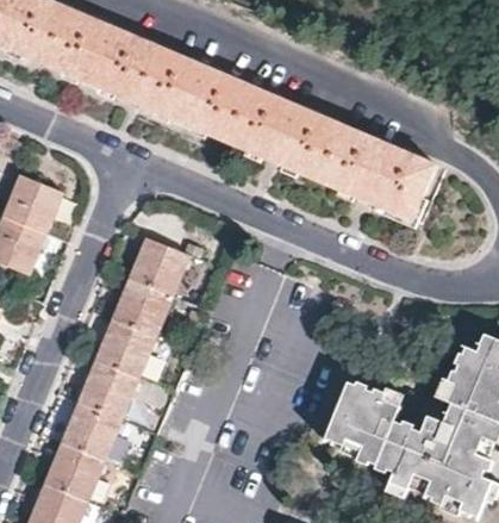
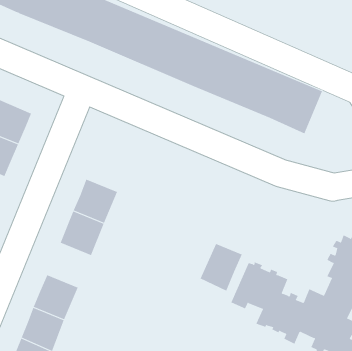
building: [132,238,189,293] -> none
building: [82,359,139,416] -> none
building: none -> [200,243,243,292]

